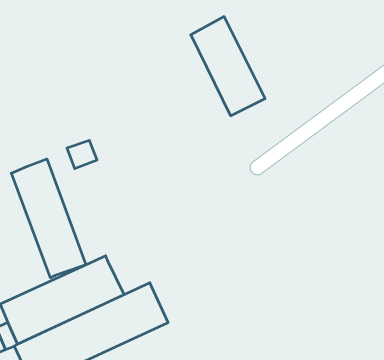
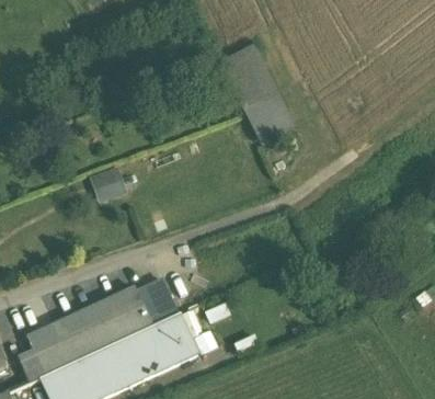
building: [11,159,86,278] -> none
building: none -> [135,281,176,326]

